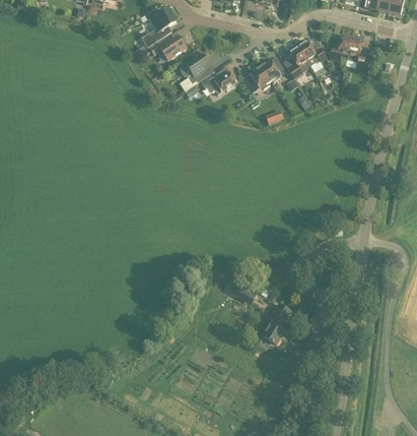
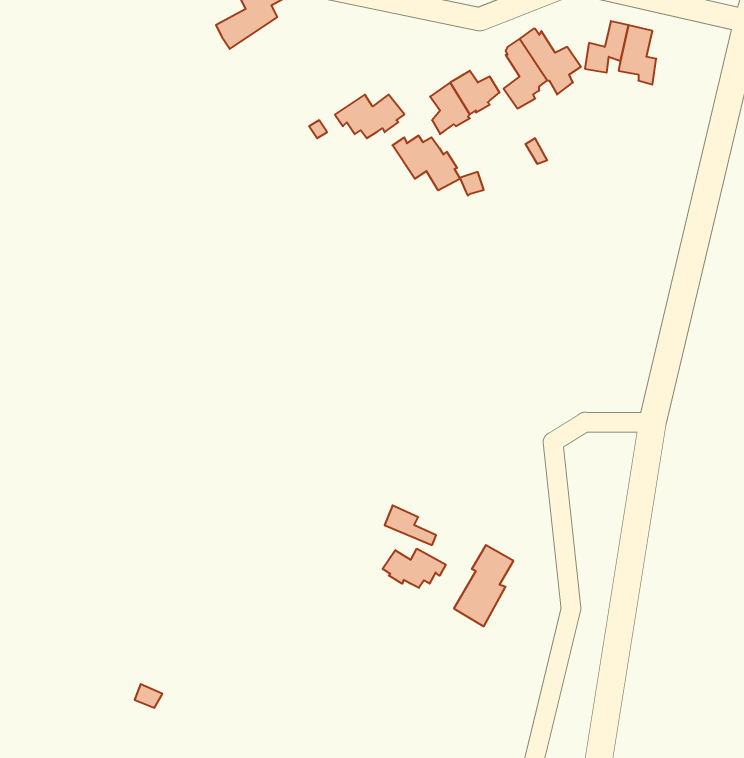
building: [148,36,185,60] -> none
building: [179,52,209,82] -> none
building: none -> [392,135,460,190]
building: none -> [383,549,446,588]

